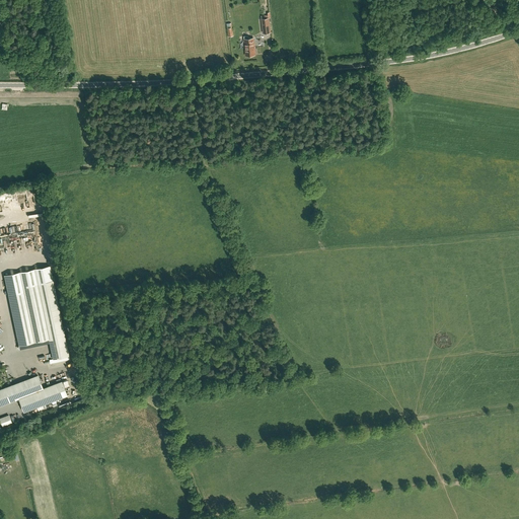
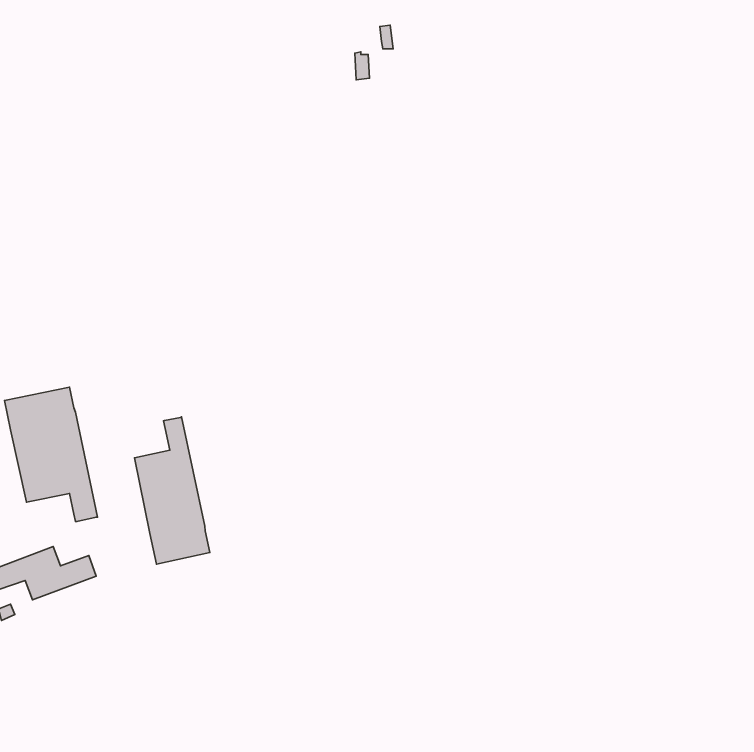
building: none -> [135,417,210,564]

